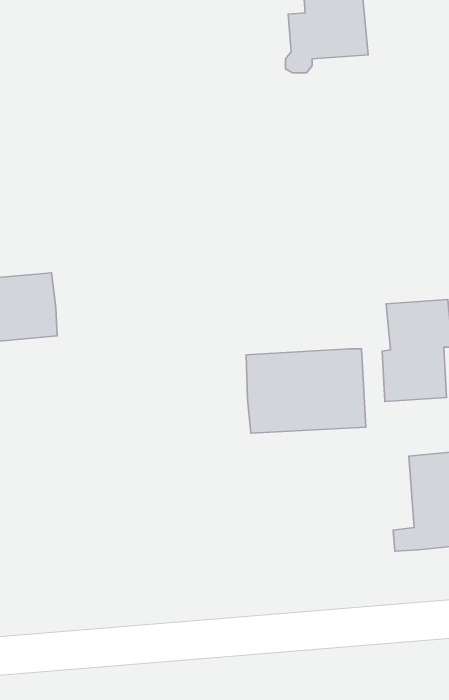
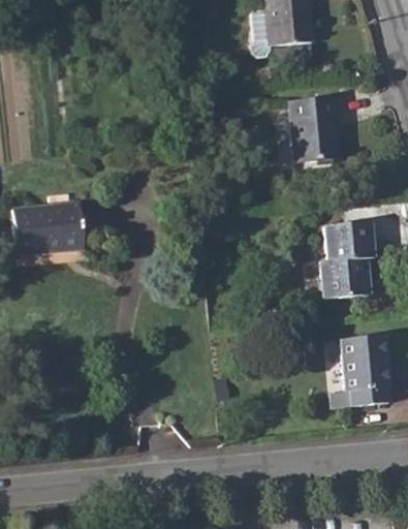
building: none -> [287,95,338,161]
building: [246,349,366,433] -> none

